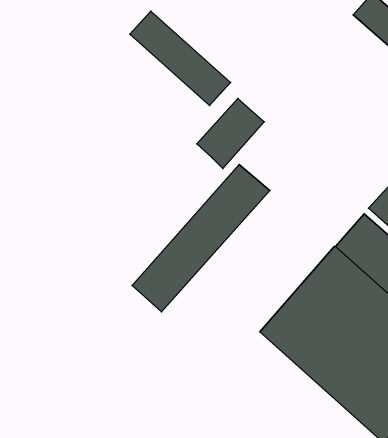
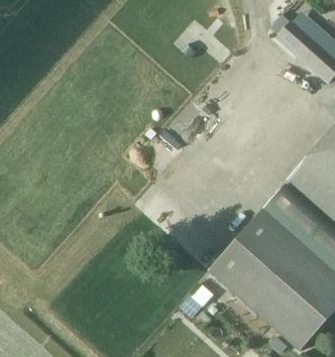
building: [130,11,230,106] -> none
building: [132,164,270,312] -> none

